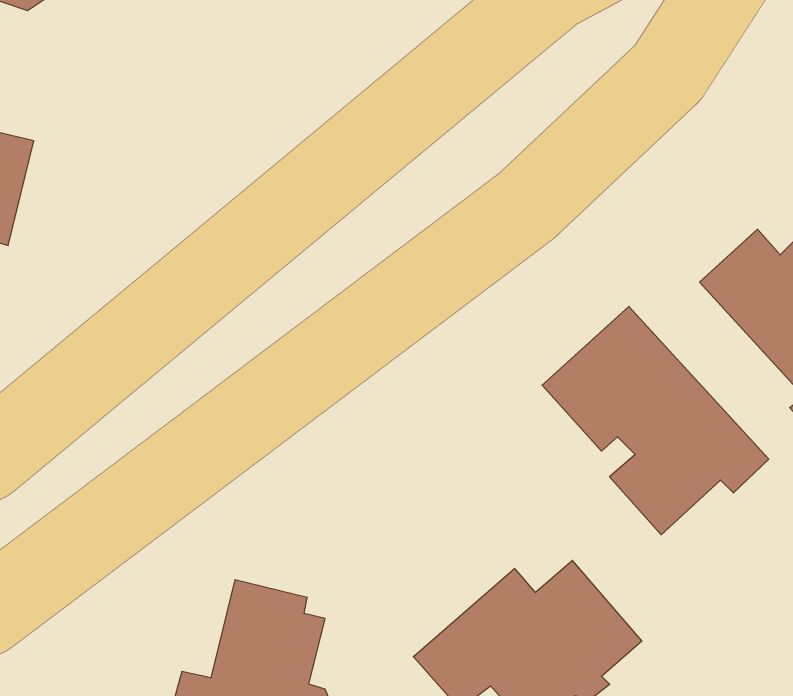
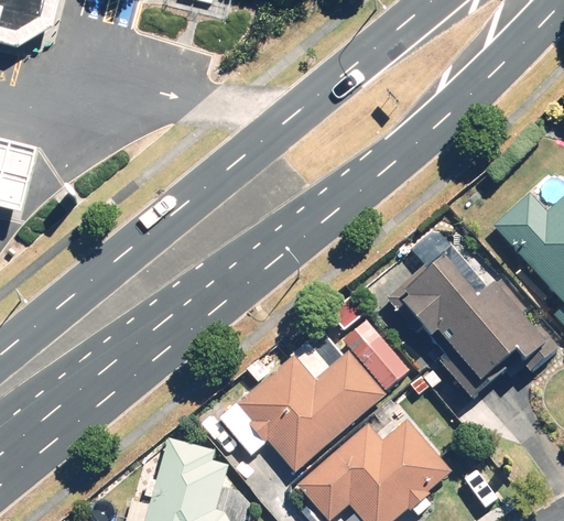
building: none -> [235,305,408,473]

